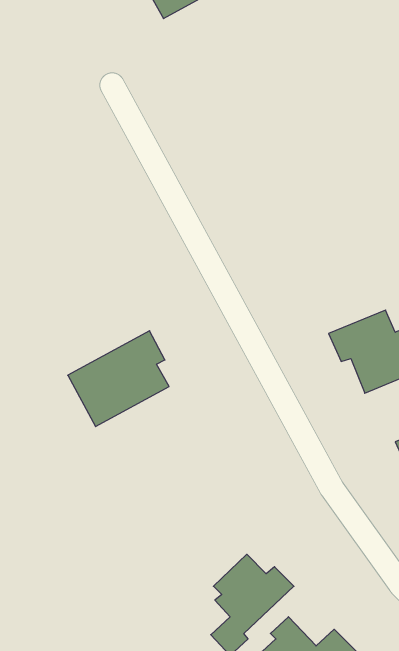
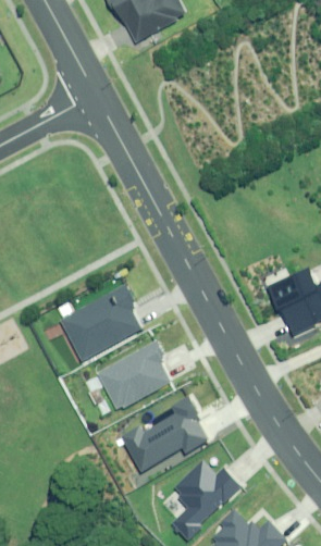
building: none -> [95,340,168,407]
building: none -> [119,397,206,471]

